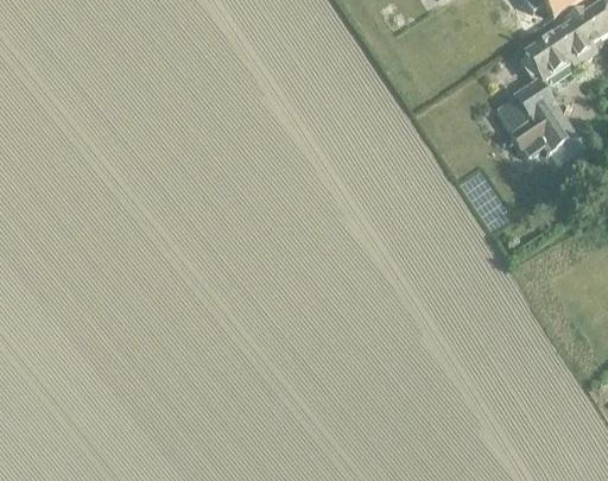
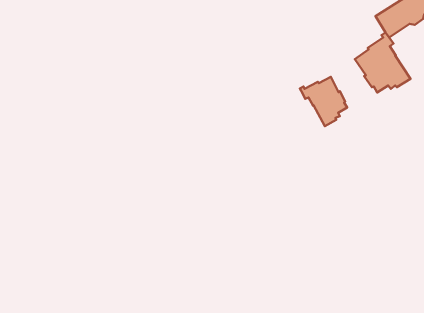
building: none -> [300,77,347,126]

